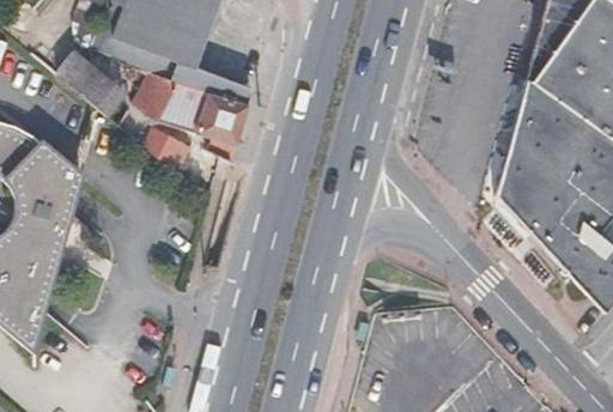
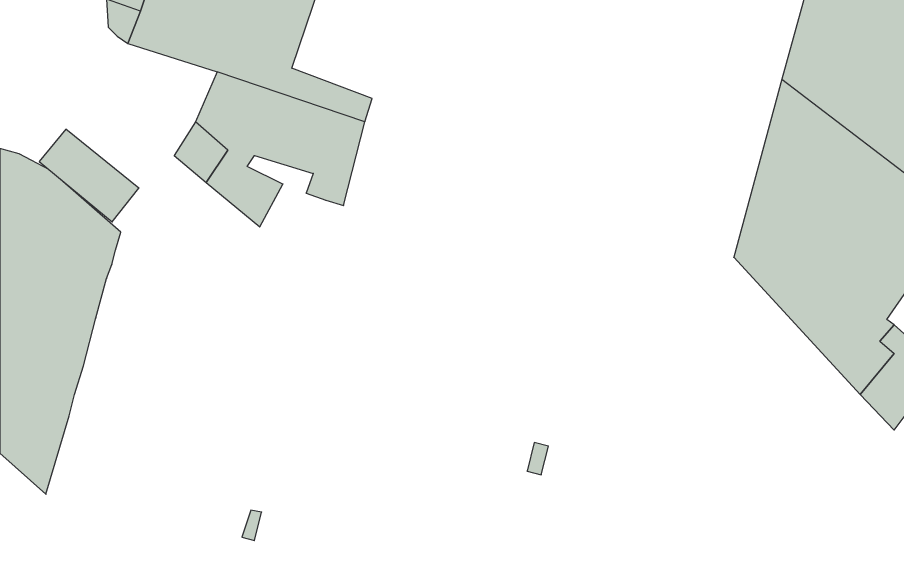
building: [57,51,125,114] -> [39,129,139,222]

